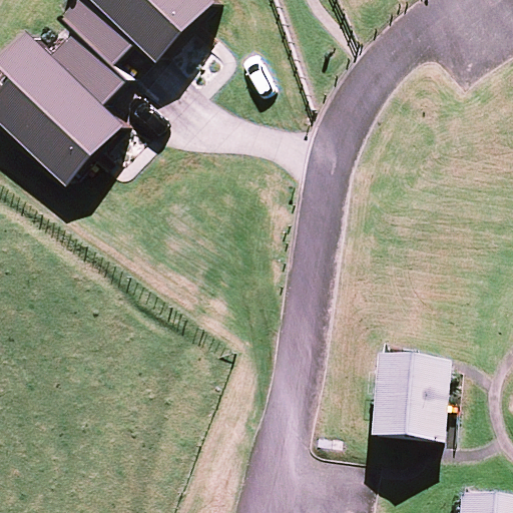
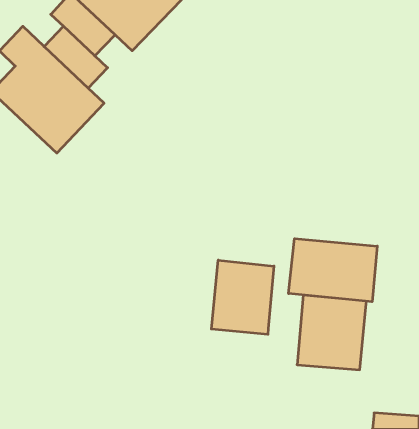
building: none -> [289,239,377,302]
building: none -> [211,260,274,334]

